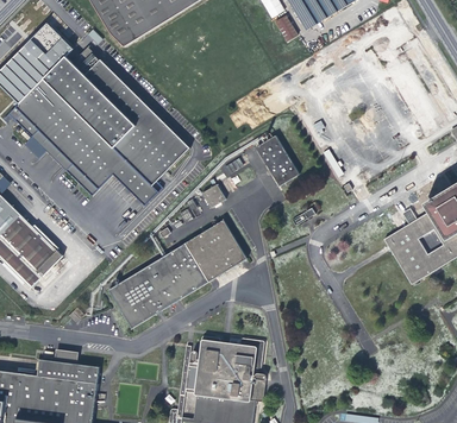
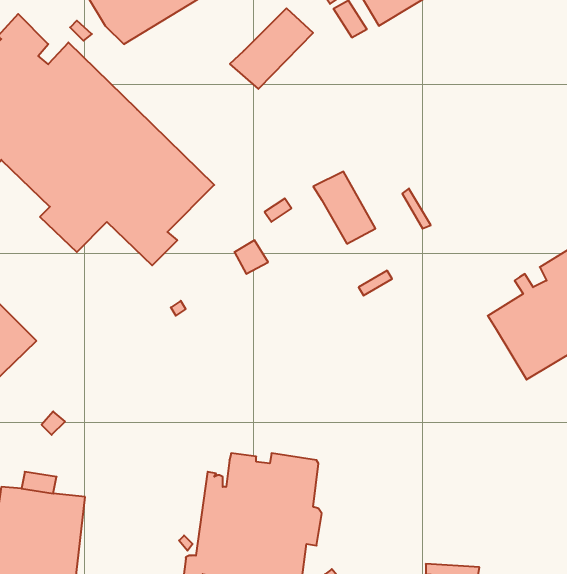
building: none -> [230,8,313,89]
building: [107,221,246,327] -> none

